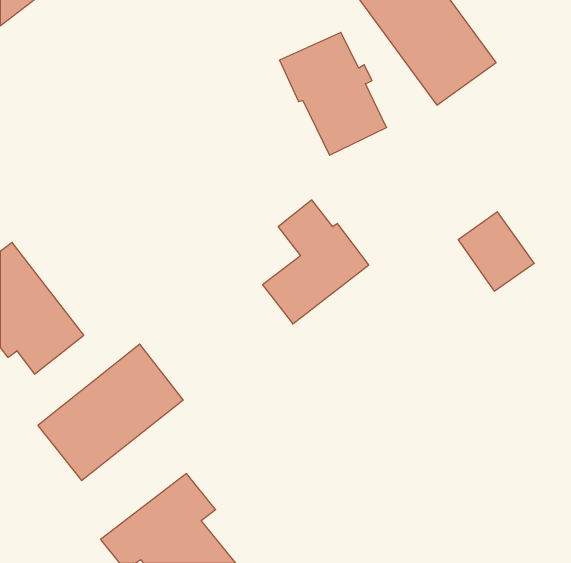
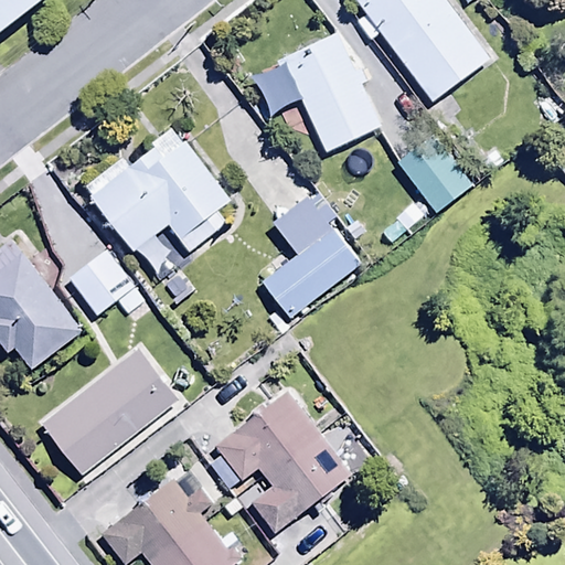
building: none -> [84,129,233,259]
building: [458,212,534,291] -> [398,132,473,211]
building: none -> [68,248,143,316]
building: none -> [210,392,351,534]

